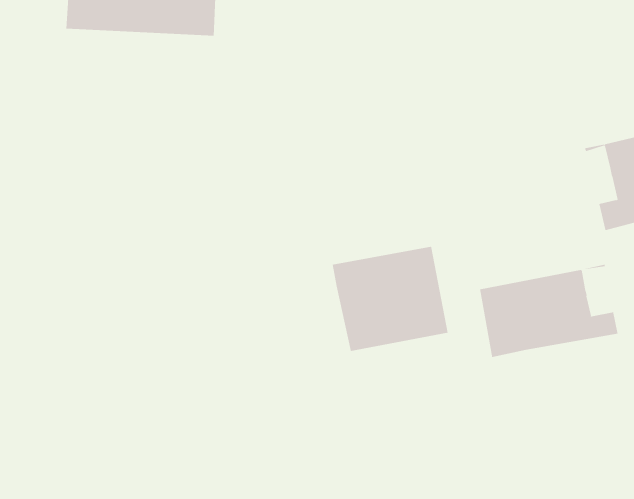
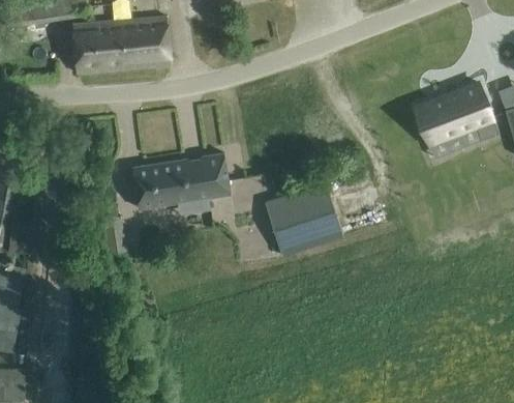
building: none -> [130,152,229,207]
building: [480,264,618,358] -> none

